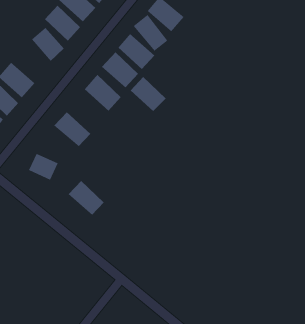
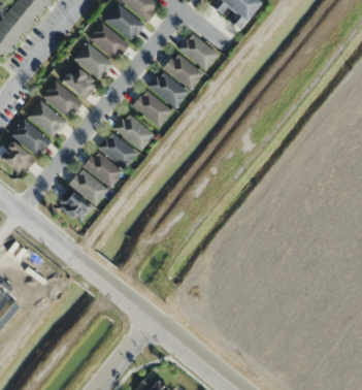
building: none -> [44,83,83,119]
building: [130,76,166,112] -> [101,133,138,169]
building: [68,180,104,216] -> [71,169,108,205]

